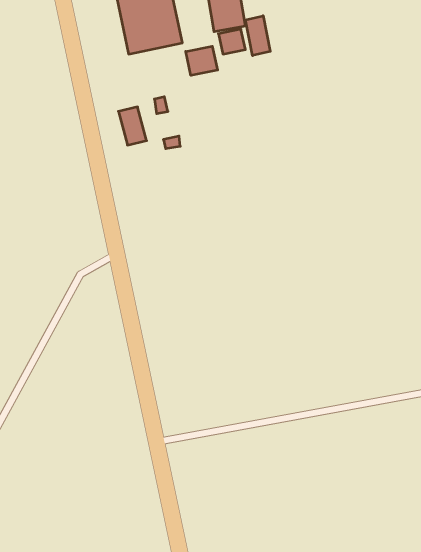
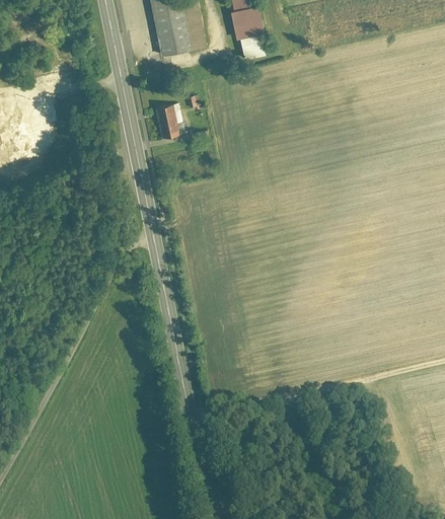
building: [245,16,270,56] -> none
building: [186,46,218,75] -> none

